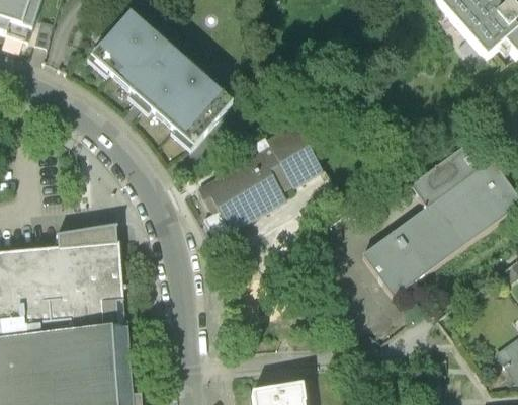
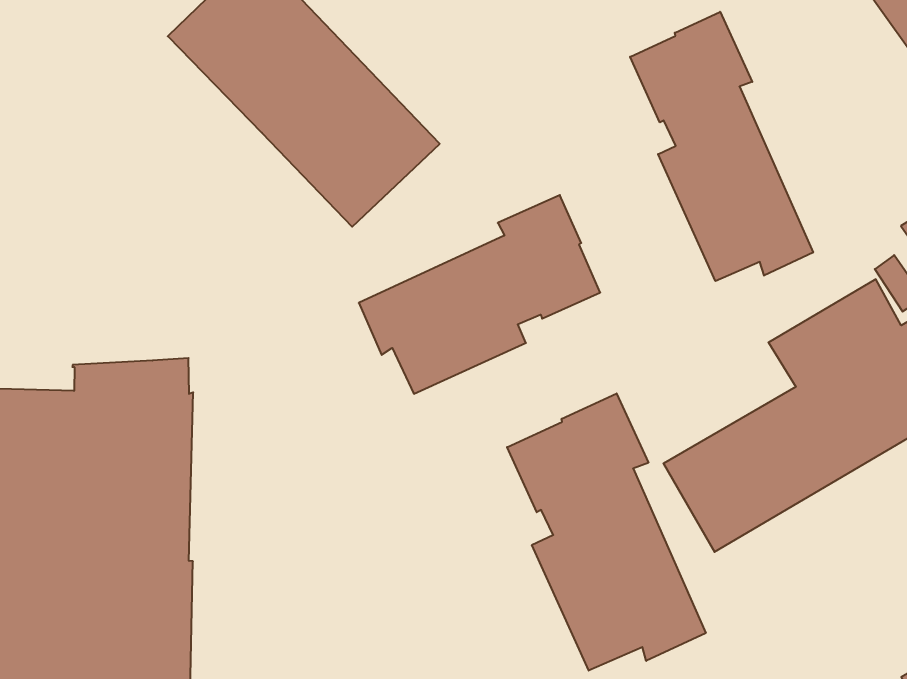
building: none -> [630,12,813,281]
building: none -> [507,393,706,671]

